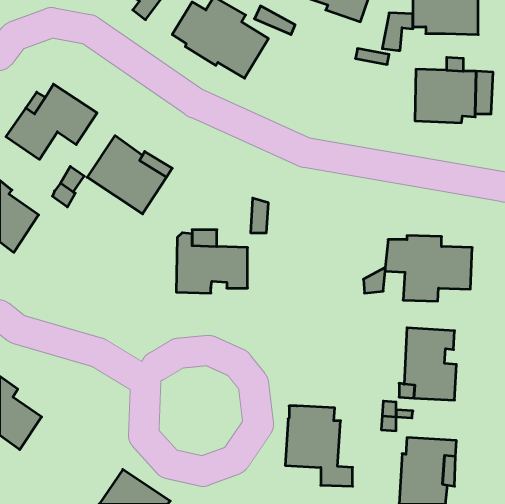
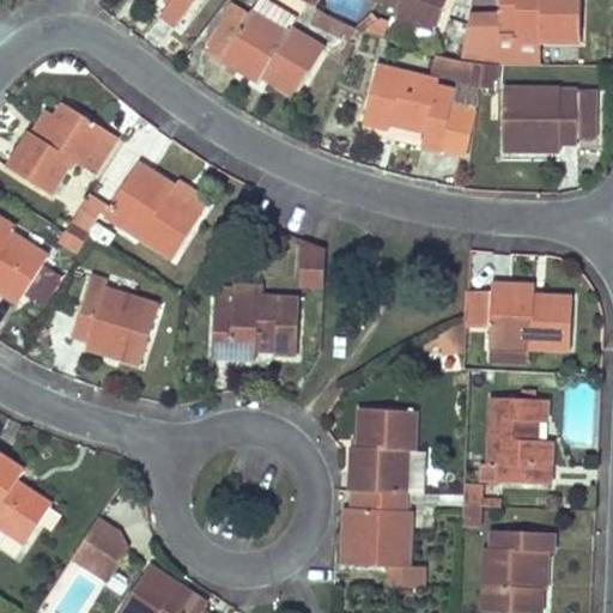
building: none -> [484,32,538,63]
building: none -> [360,65,469,153]
building: none -> [73,277,159,365]
building: none -> [350,407,417,493]
building: none -> [74,517,126,577]

